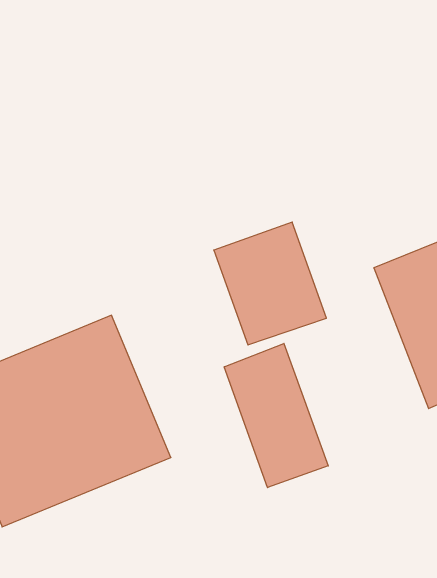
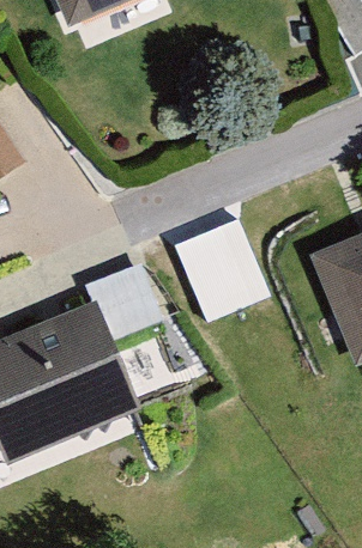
building: [224,343,328,488] -> none

